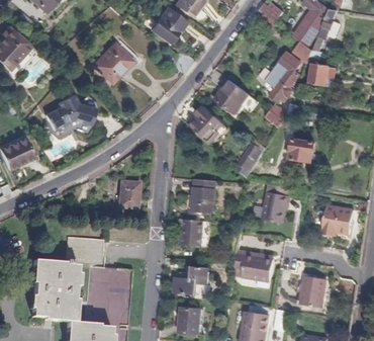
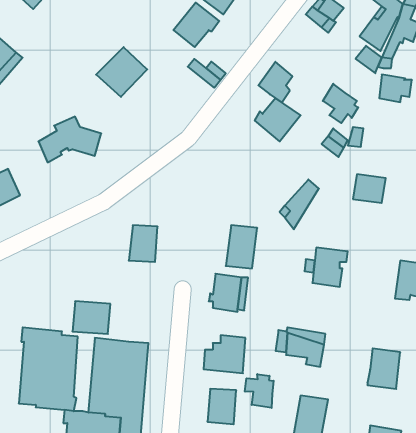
building: [275,52,301,83] -> [258,62,292,102]
building: [193,108,225,145] -> none
building: none -> [245,374,274,408]

